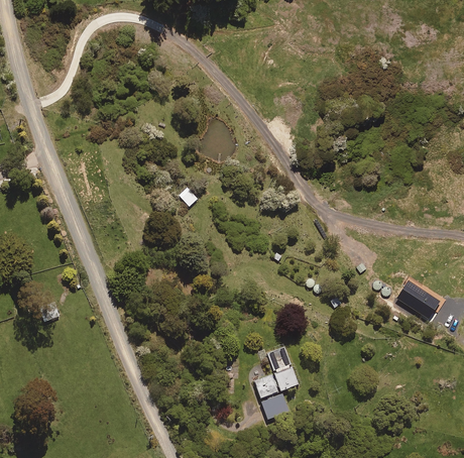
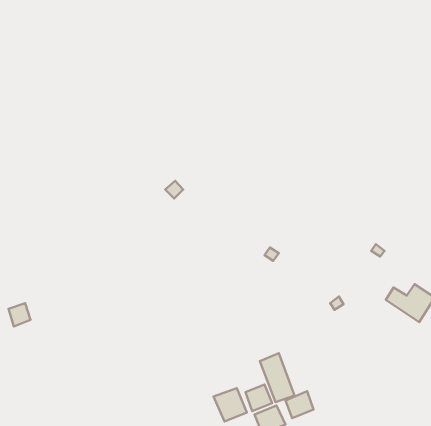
building: none -> [214,388,247,422]
building: none -> [285,391,313,418]

